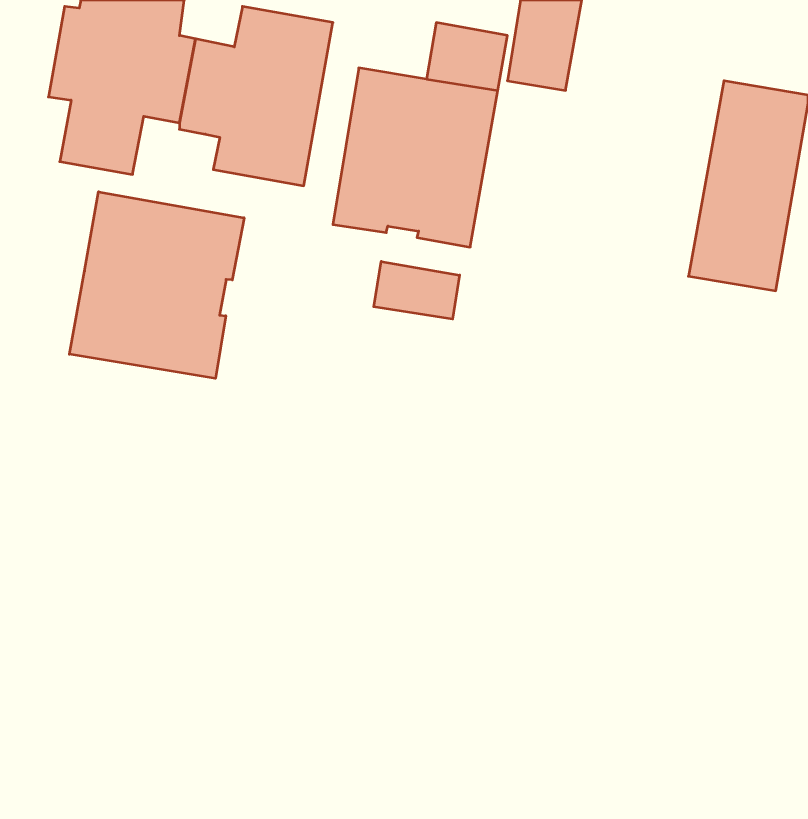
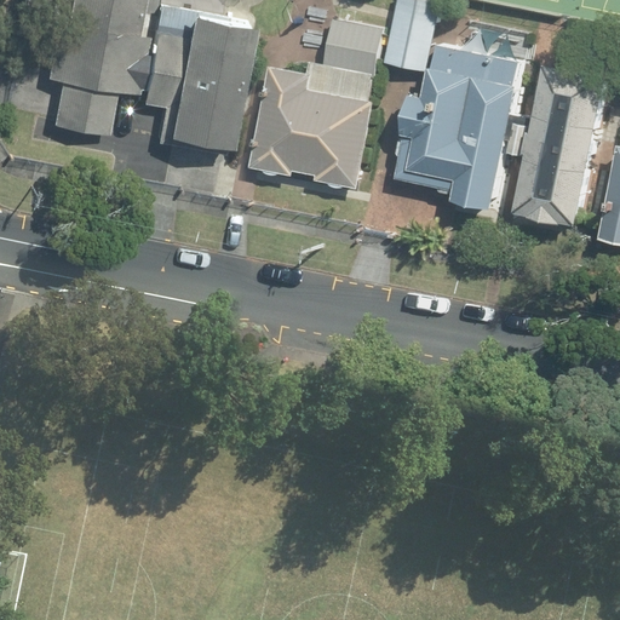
building: none -> [394,22,526,211]
building: [69,192,244,378] -> none
building: [374,261,460,319] -> none

